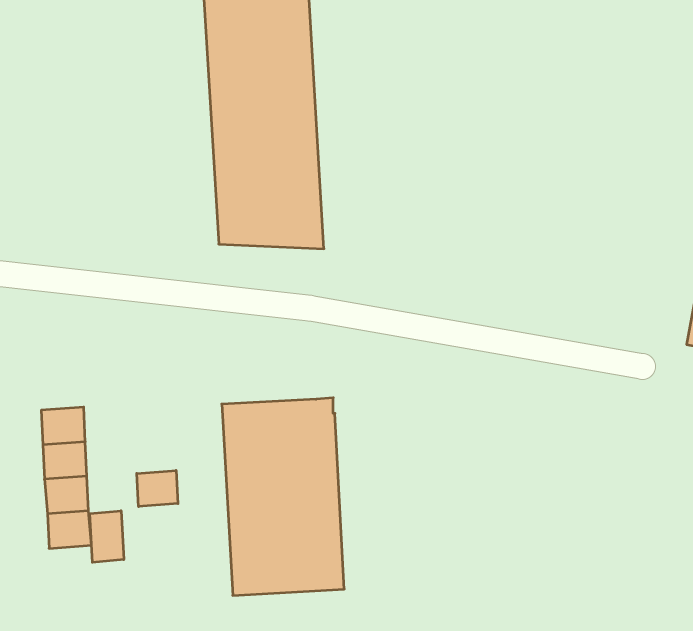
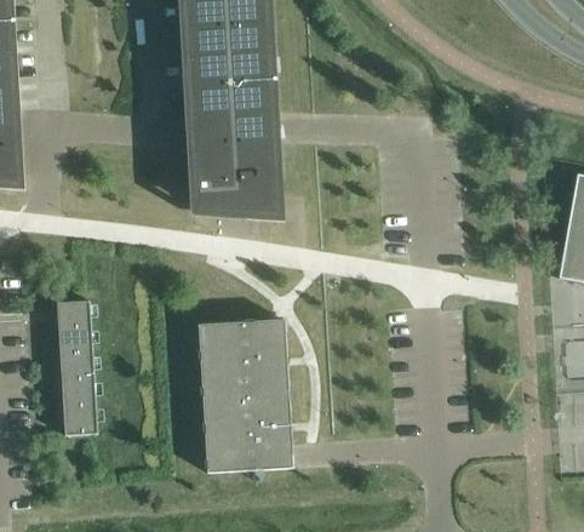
building: none -> [58,302,92,331]
building: [137,470,178,507] -> none
building: [90,511,124,562] -> none

